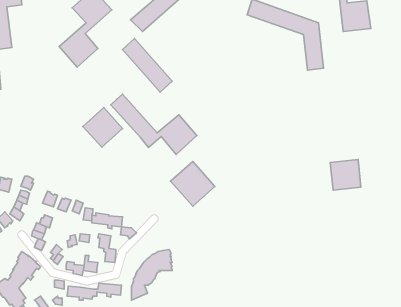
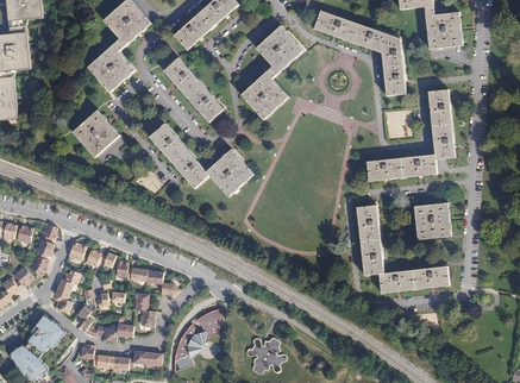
building: none -> [242,25,303,119]
building: none -> [366,89,456,181]
building: [83,108,123,147] -> [73,109,120,157]
building: [171,161,215,206] -> none
building: none -> [357,205,449,293]
building: none -> [246,337,286,373]

